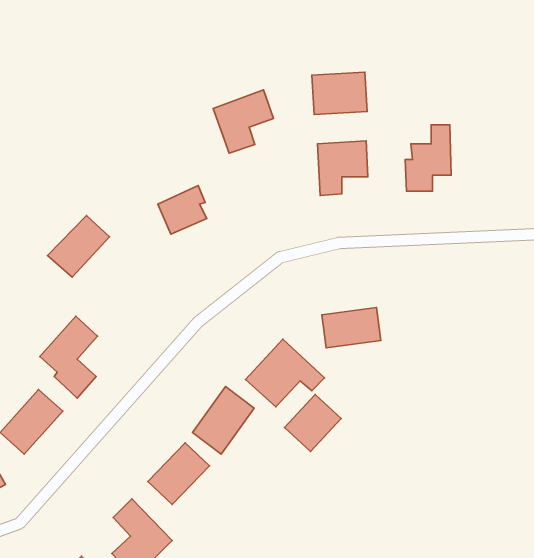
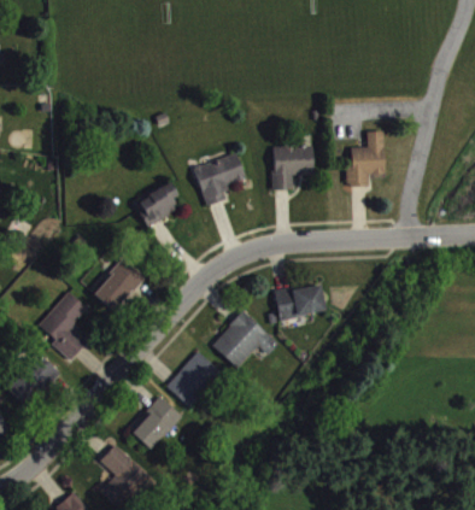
building: [312,72,367,114] -> none
building: [213,90,274,153] -> [193,153,244,206]
building: [48,215,109,277] -> [92,259,143,311]
building: [285,395,341,452] -> none

